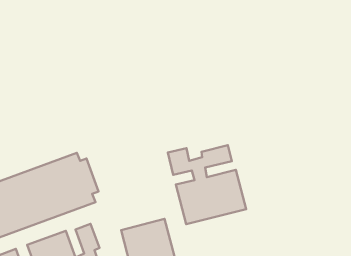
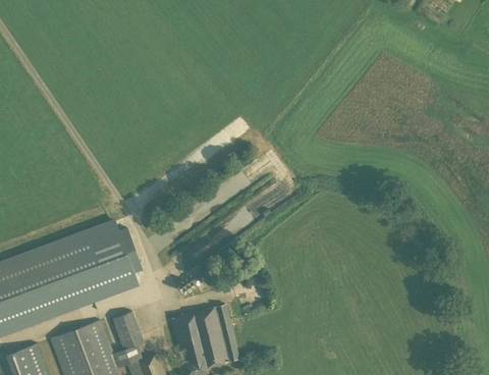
building: [168,145,246,224] -> none

